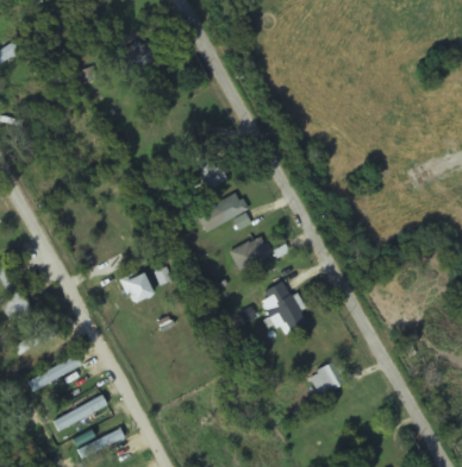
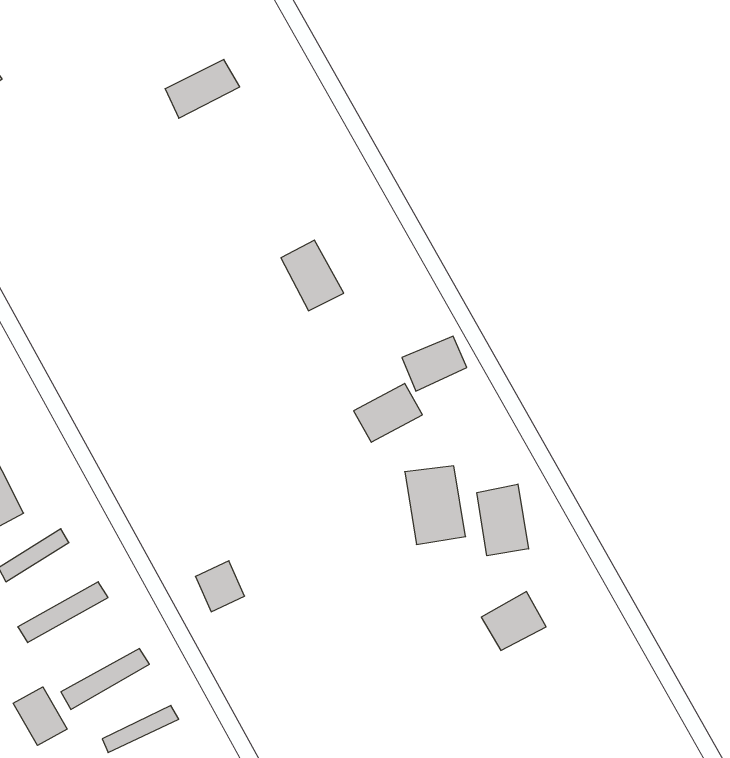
building: [208,191,248,225] -> [402,336,467,391]
building: [123,272,152,303] -> [195,561,245,612]
building: none -> [477,484,529,556]
building: none -> [13,687,67,745]

